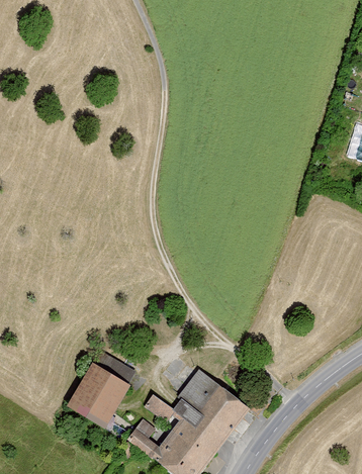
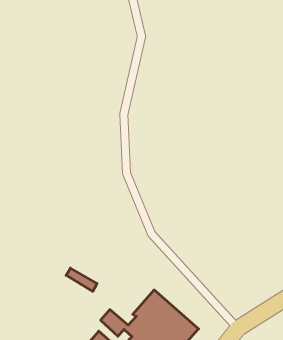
building: [68,362,129,425] -> none

